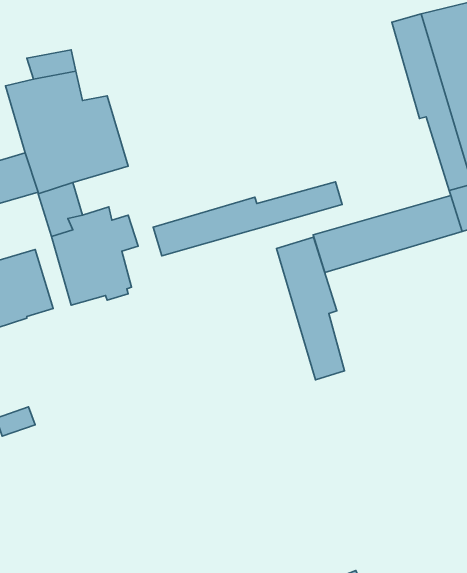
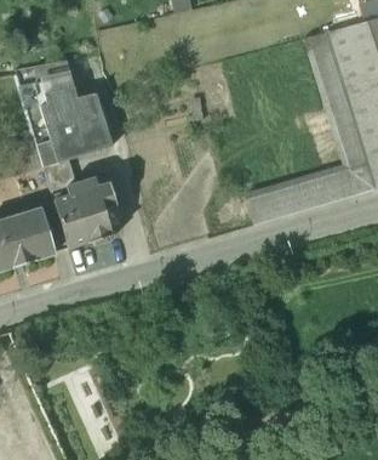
building: [153,182,342,256] -> none
building: [276,237,345,380] -> none

